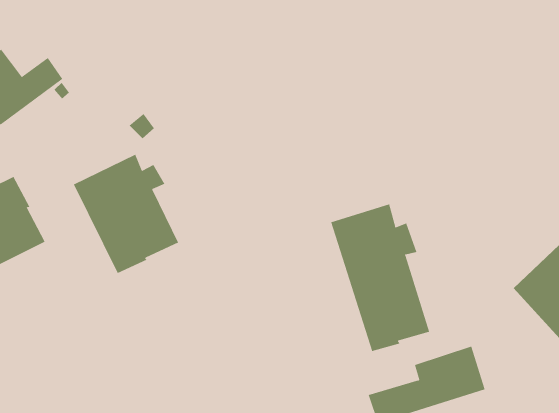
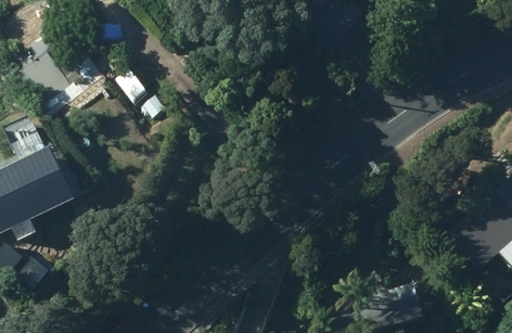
building: [73,154,179,274] -> none
building: [331,204,430,352] -> none

